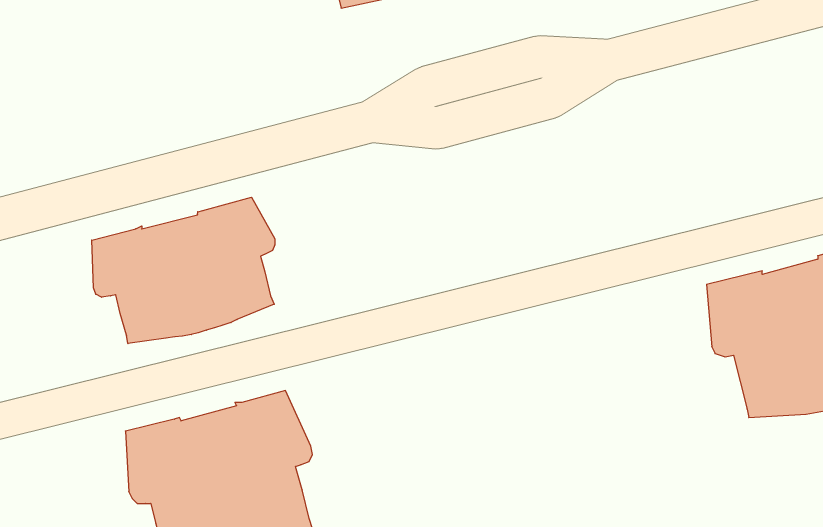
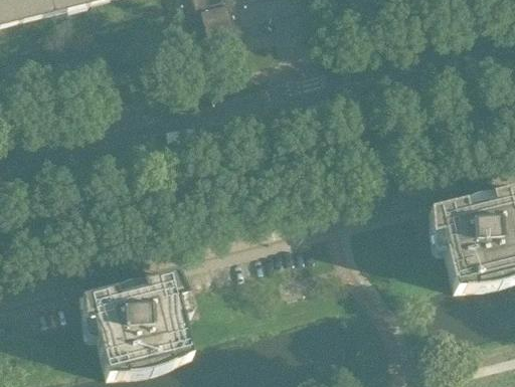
building: [92,197,275,344] -> none

